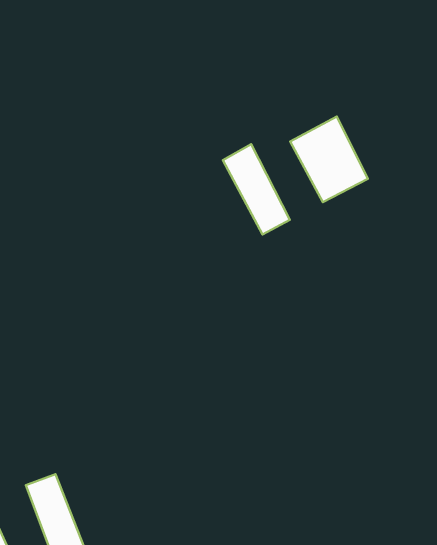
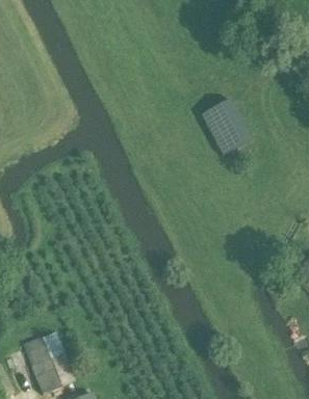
building: [223,144,290,234] -> none

